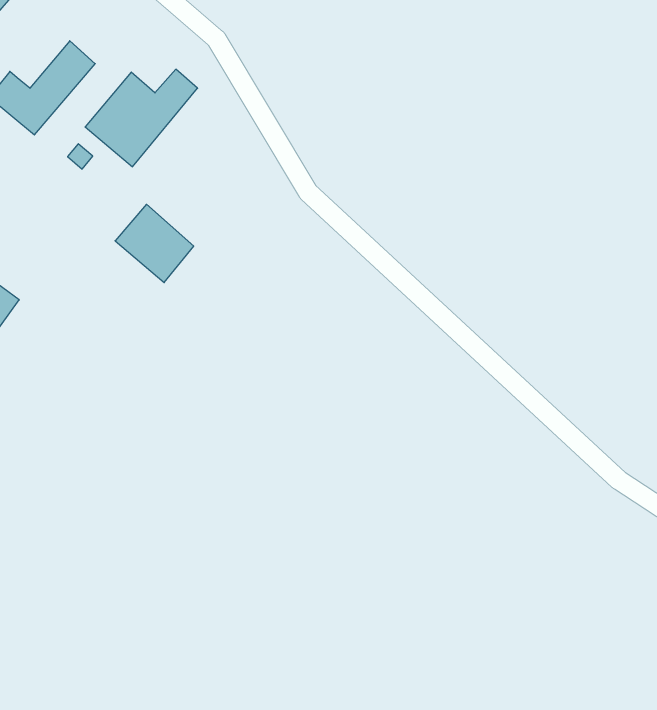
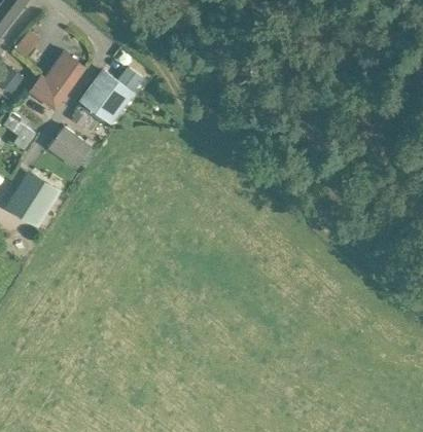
building: [115,204,194,283] -> [47,128,90,169]

